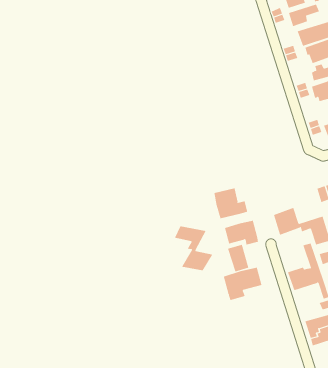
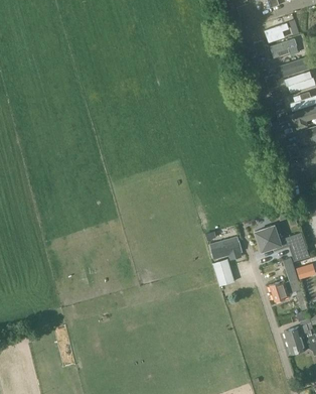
building: [214,187,248,219] -> none
building: [174,226,213,271] -> none
building: [223,267,262,301] -> none

